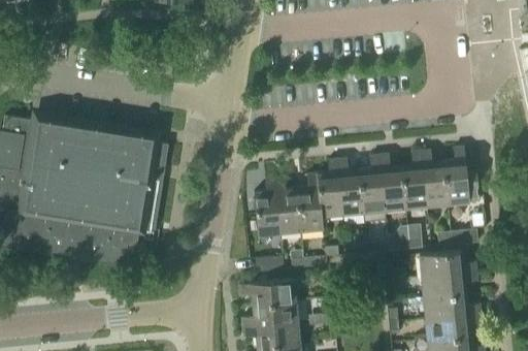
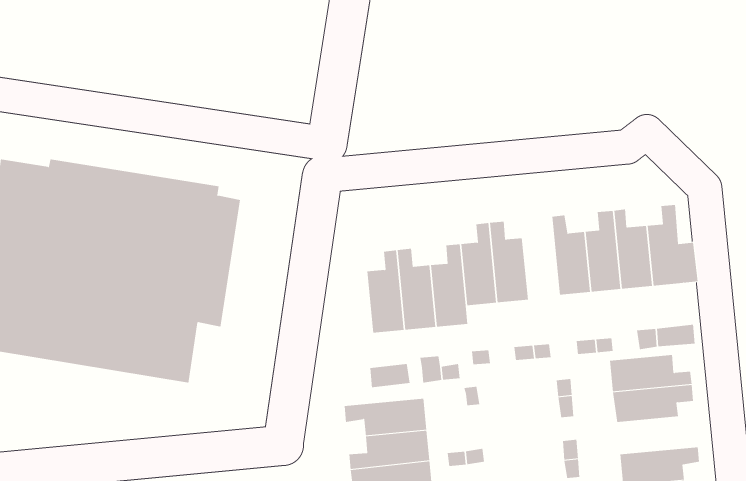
building: [359,156,385,223] -> none
building: [423,292,478,318] -> none

